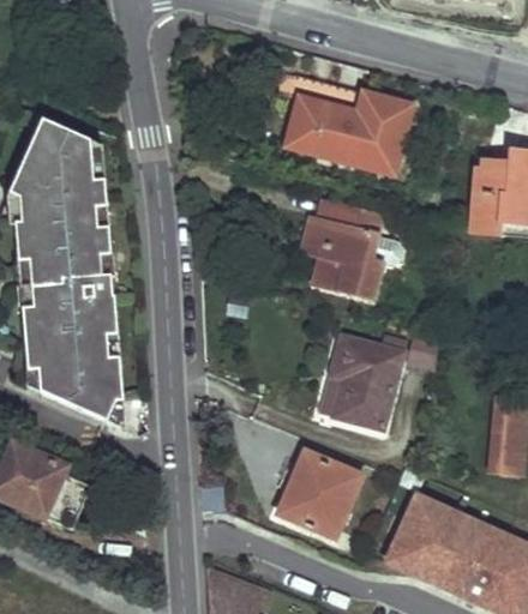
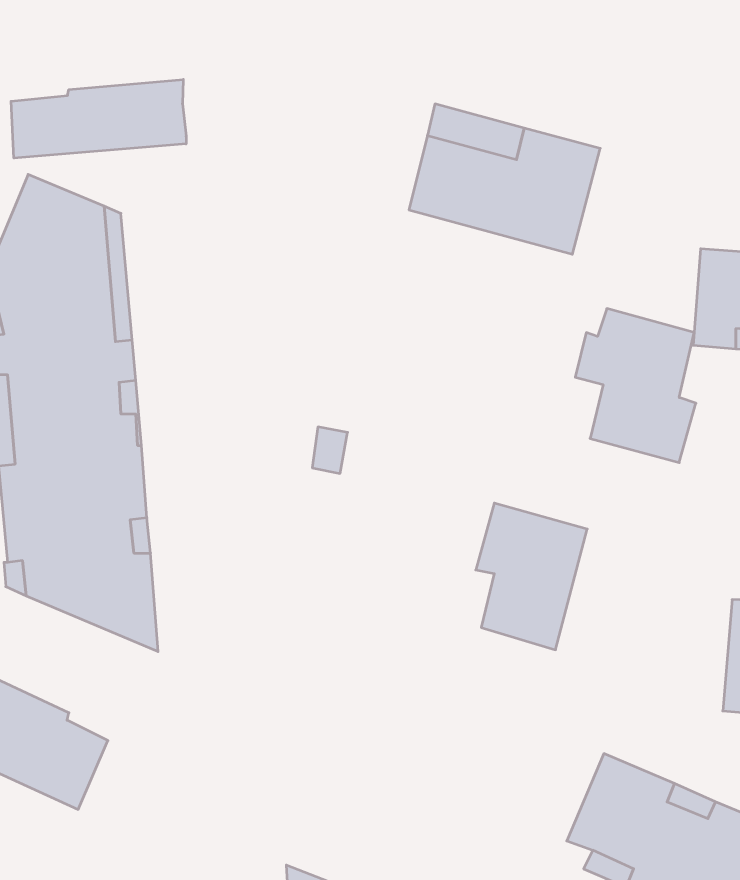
building: none -> [11,79,186,158]
building: [302,199,380,299] -> [575,309,696,463]
building: [282,449,359,535] -> none

